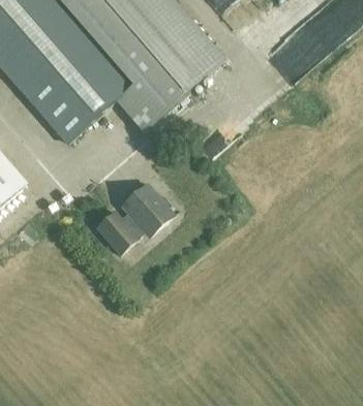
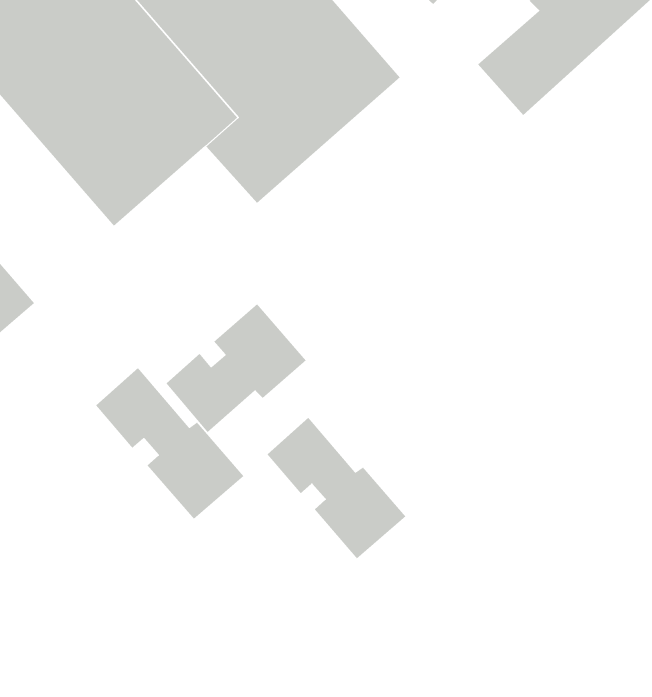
building: none -> [95,367,244,520]
building: none -> [267,417,407,559]

